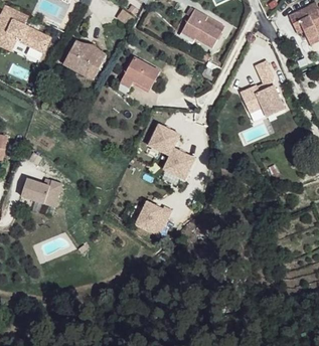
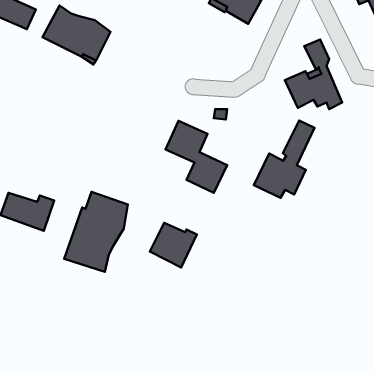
building: [125,57,160,90] -> none
building: none -> [254,121,315,198]
building: none -> [64,192,128,272]

